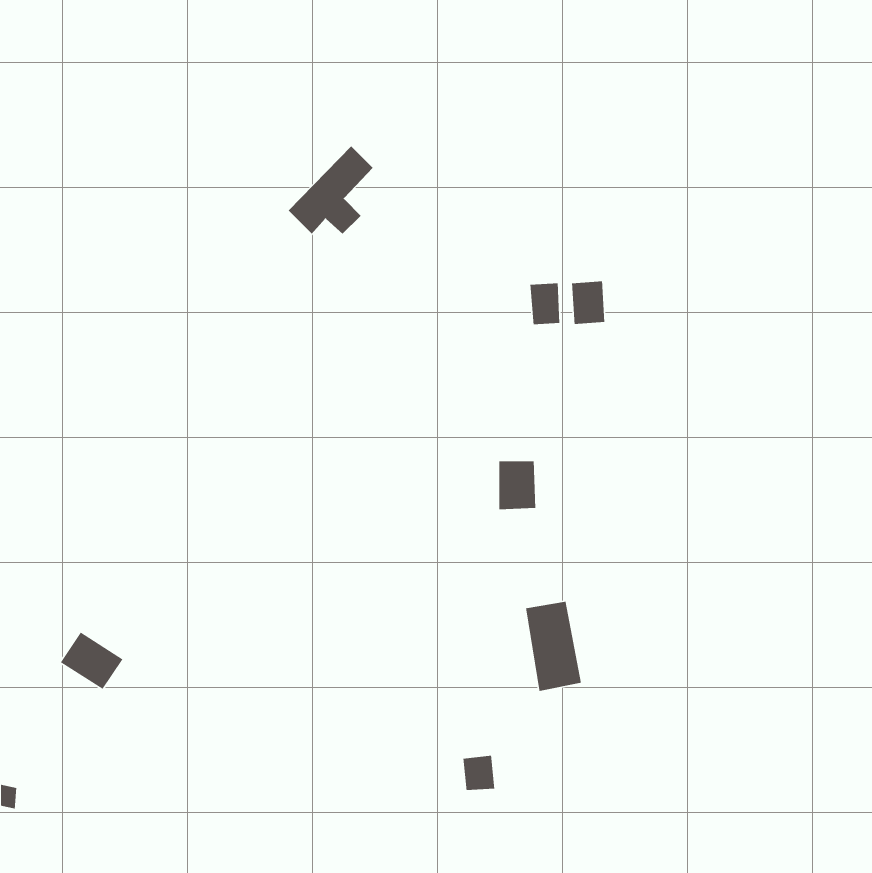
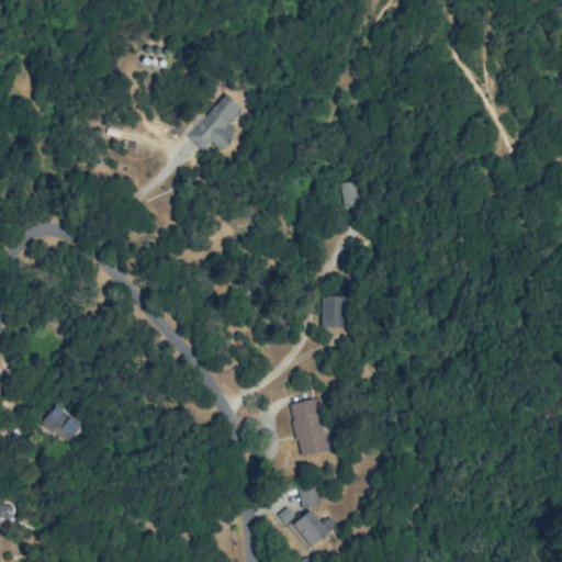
building: [571,280,605,325] -> none
building: [525,601,582,692] -> [291,400,327,458]
building: none -> [289,508,337,549]

